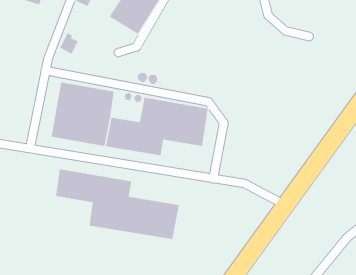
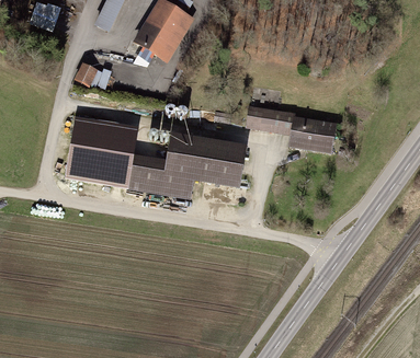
building: none -> [243,105,337,155]
building: [56,169,180,240] -> none

